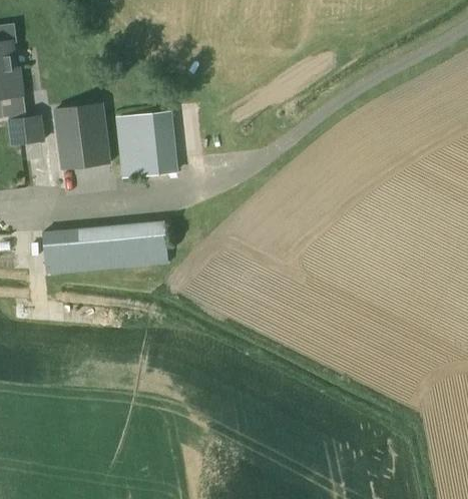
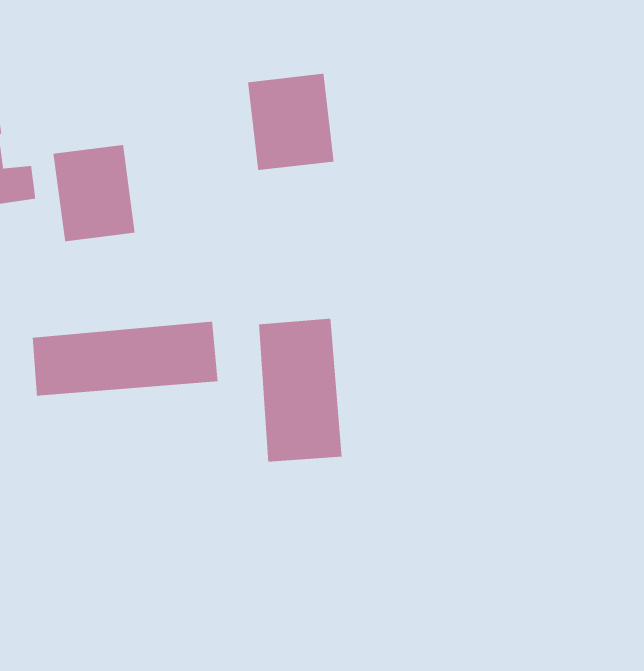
building: [117,111,176,177] -> [247,73,335,171]
building: none -> [258,318,342,462]

